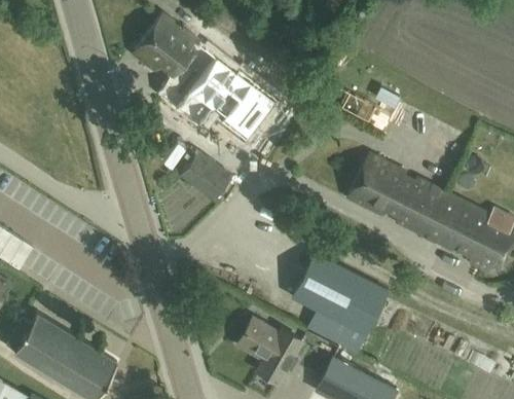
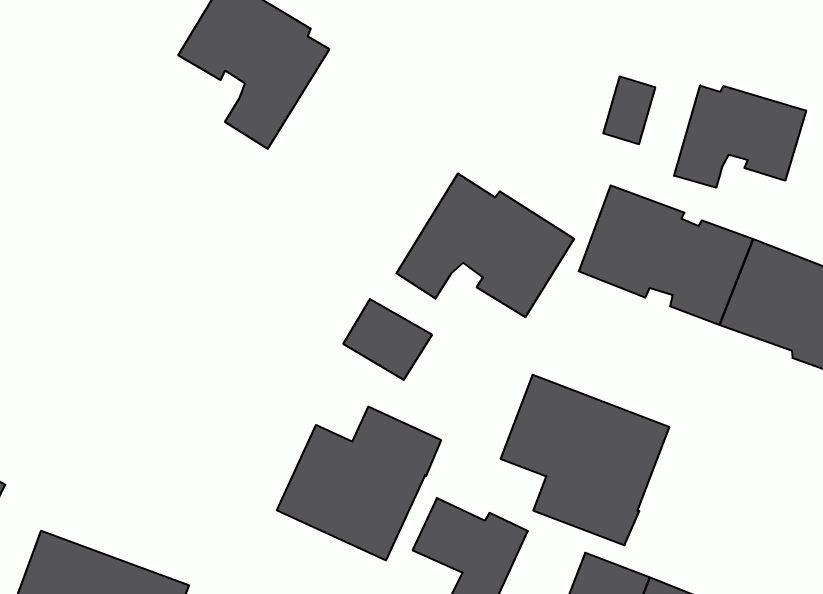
building: [179,59,281,143] -> [396,174,574,317]
building: none -> [674,85,806,188]
building: [182,151,232,198] -> [343,299,432,380]
building: none -> [277,407,441,560]

